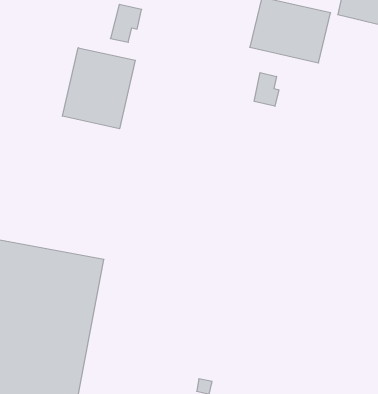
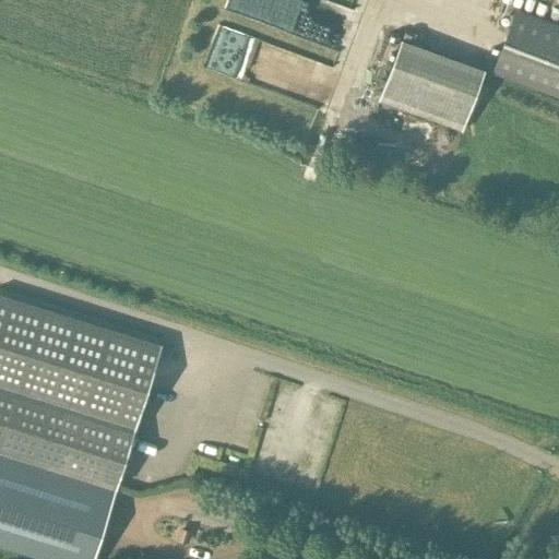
building: [63,48,135,129] -> none
building: [254,73,279,106] -> none

